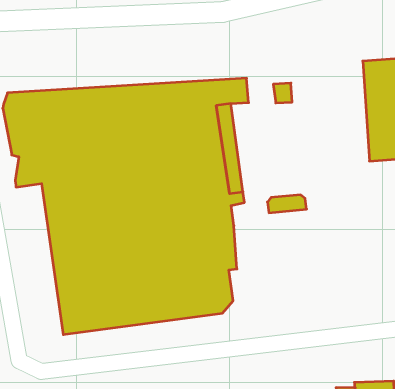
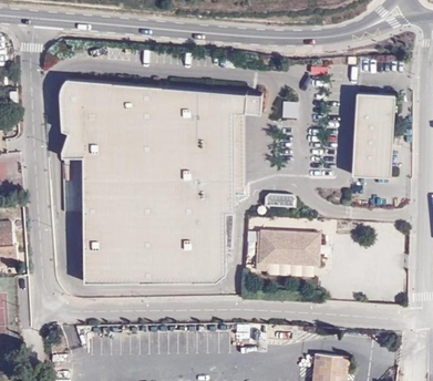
building: none -> [254,230,320,271]

